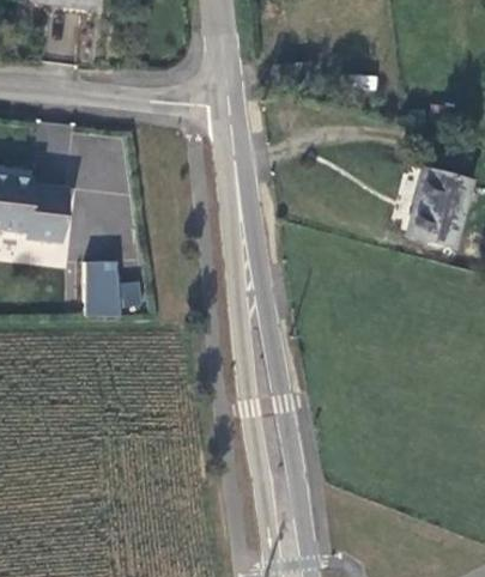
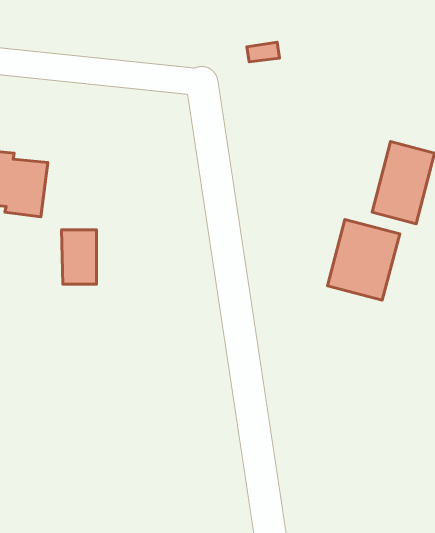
building: none -> [327,220,400,300]

